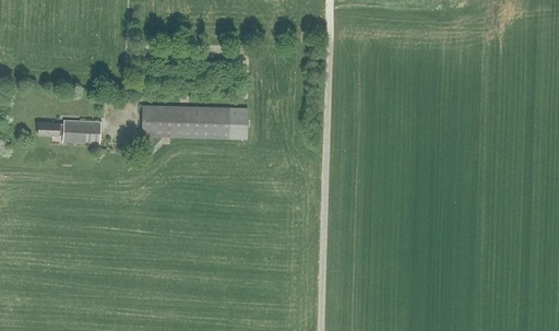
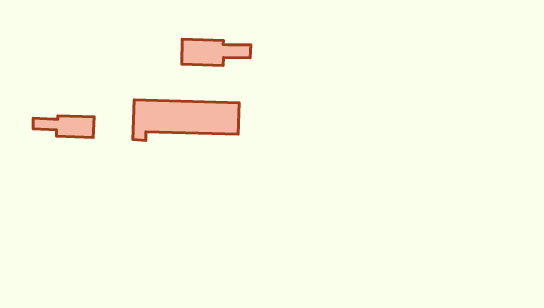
building: none -> [182,39,251,65]

